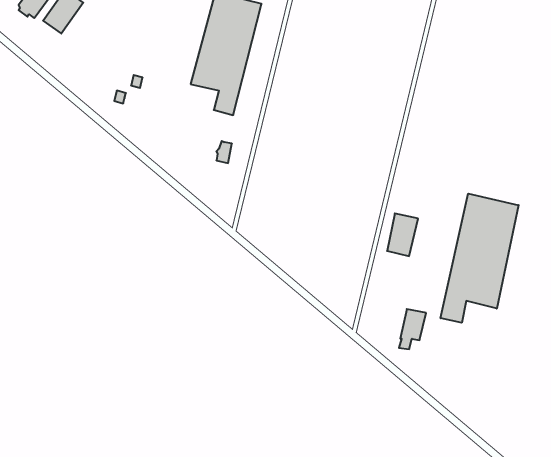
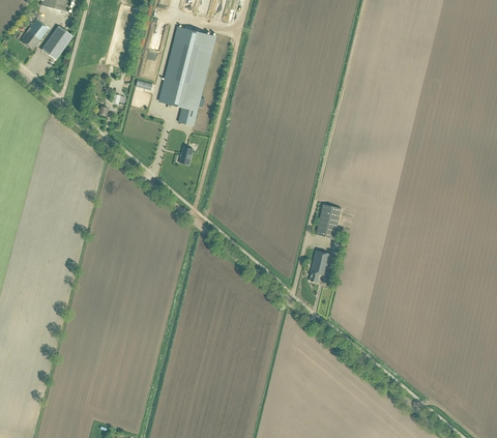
building: [441,194,519,323] -> none
building: [399,309,426,349] -> [309,249,330,281]

